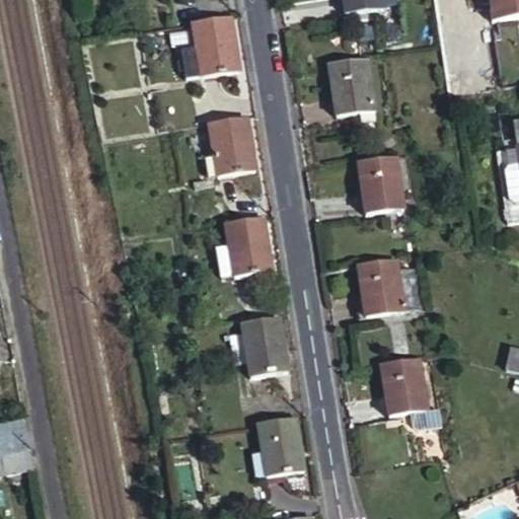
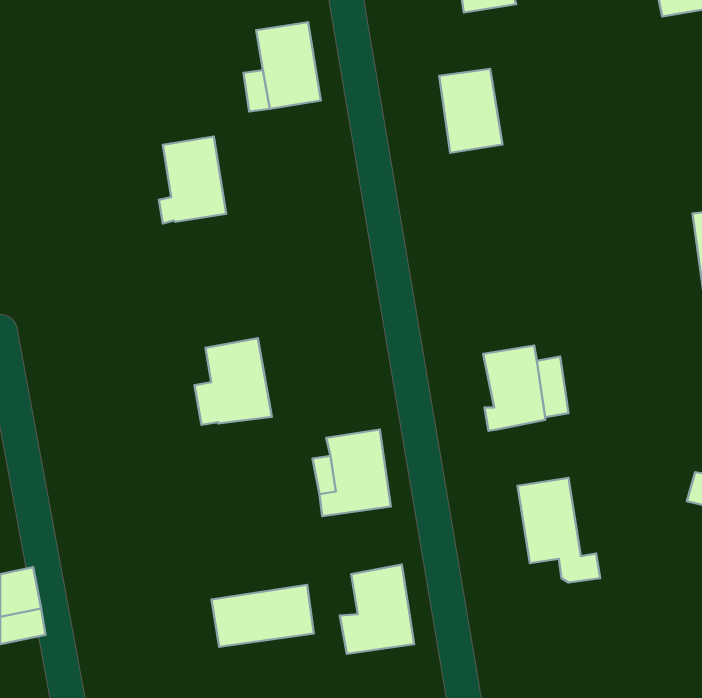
building: [205,116,254,179] -> [159,137,226,223]
building: [356,150,402,211] -> none
building: [216,217,273,281] -> [195,338,272,425]
building: none -> [211,585,314,647]

